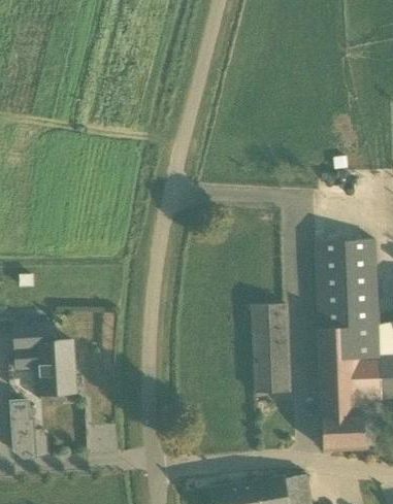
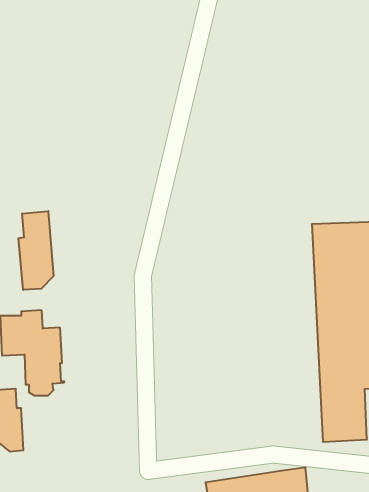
building: none -> [19,211,53,290]
building: [252,304,288,394] -> none

